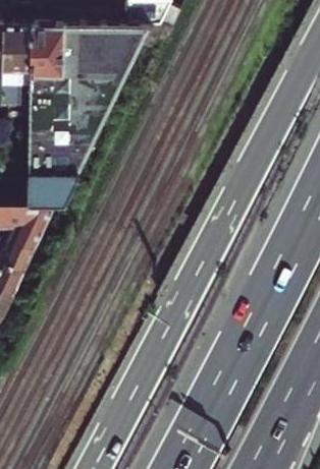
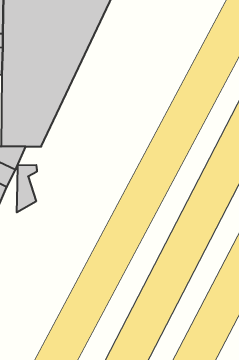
building: none -> [17,165,37,212]

